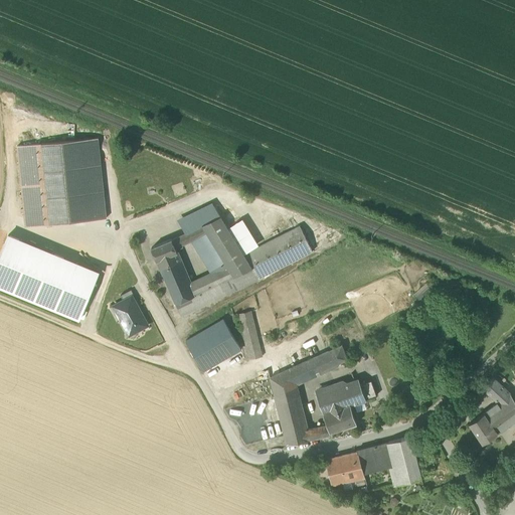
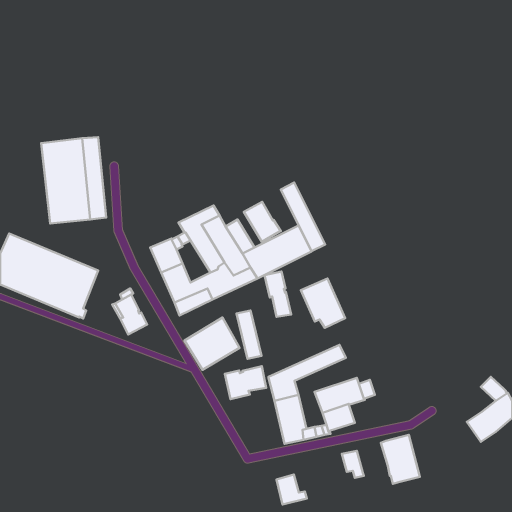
building: [17,144,50,226] -> none
building: none -> [281,182,325,251]
building: none -> [244,202,281,242]
building: none -> [264,272,291,317]
building: none -> [301,279,345,328]
building: none -> [225,366,266,399]
building: [357,445,389,475] -> none
building: [326,456,356,486] -> [277,475,307,505]

